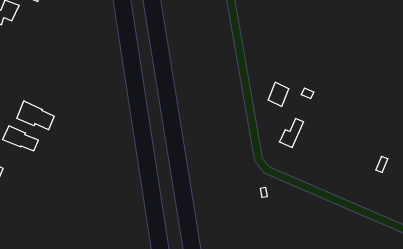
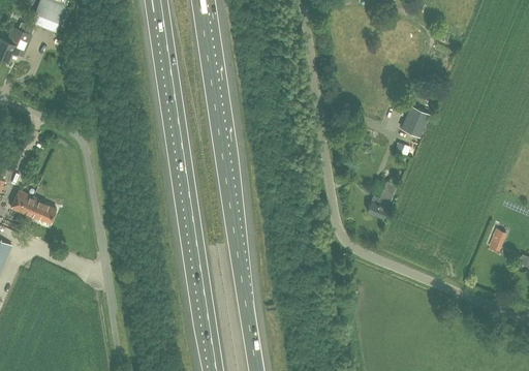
building: [268,82,289,106] -> [402,105,429,136]
building: [17,101,54,130] -> none

